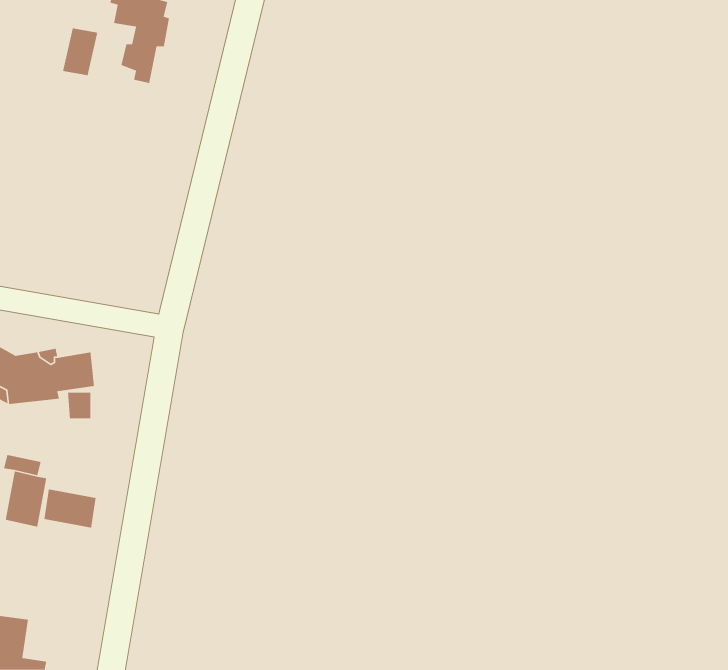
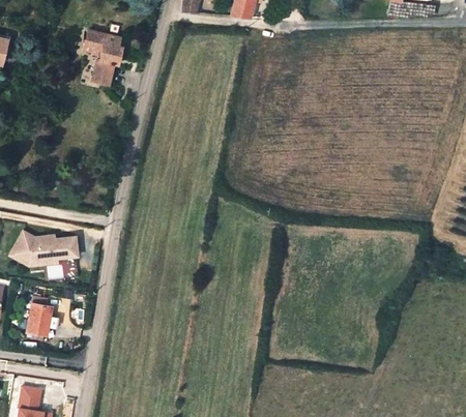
building: [62,27,98,76] -> none
building: [44,489,96,529] -> none

